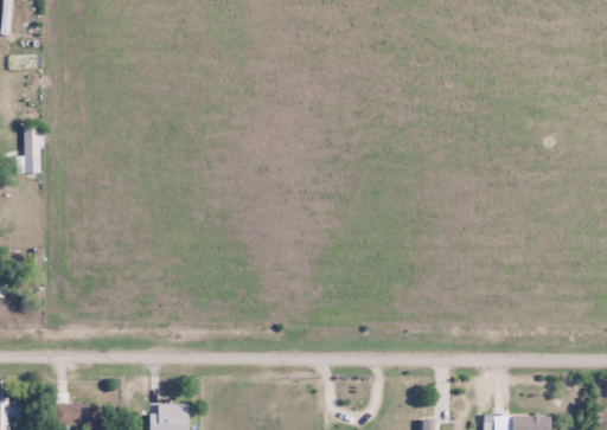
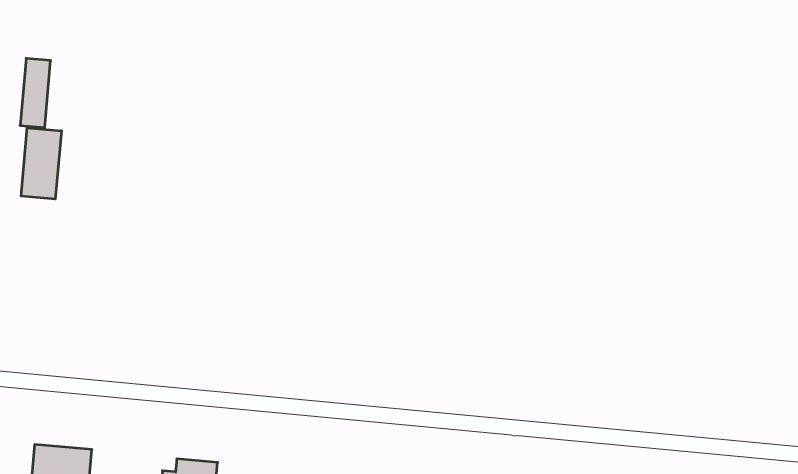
building: none -> [21,128,61,199]

